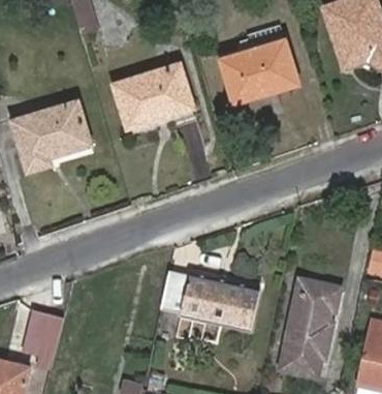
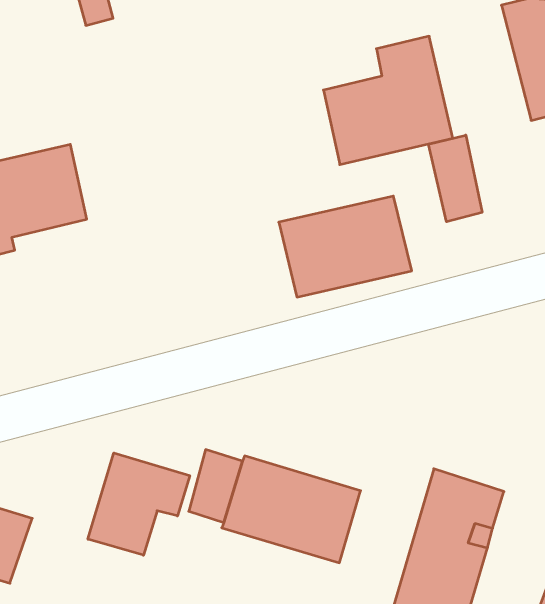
building: [113,65,191,127] -> [279,196,412,297]
building: none -> [429,135,482,222]
building: none -> [88,453,190,555]

